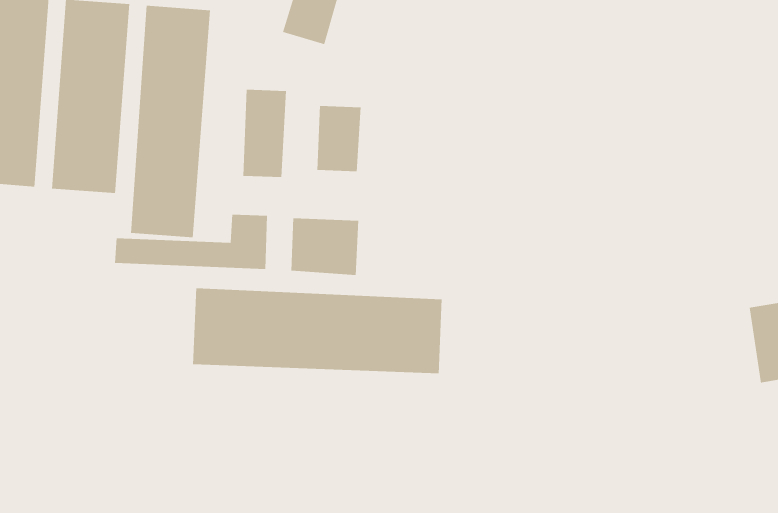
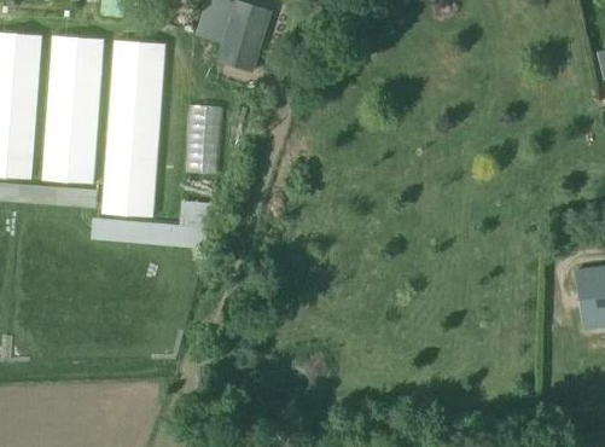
building: [317,105,361,172] -> none
building: [291,217,359,276] -> none
building: [193,288,442,374] -> none

